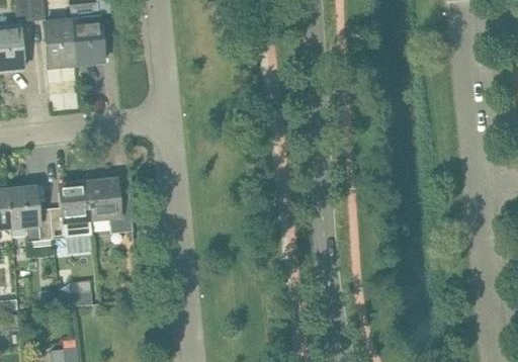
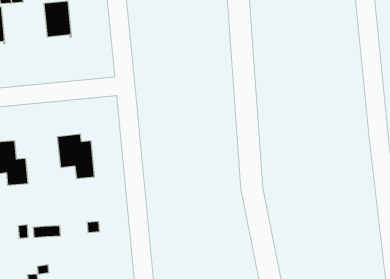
building: [44,21,75,68] -> none
building: [49,183,91,240] -> none

